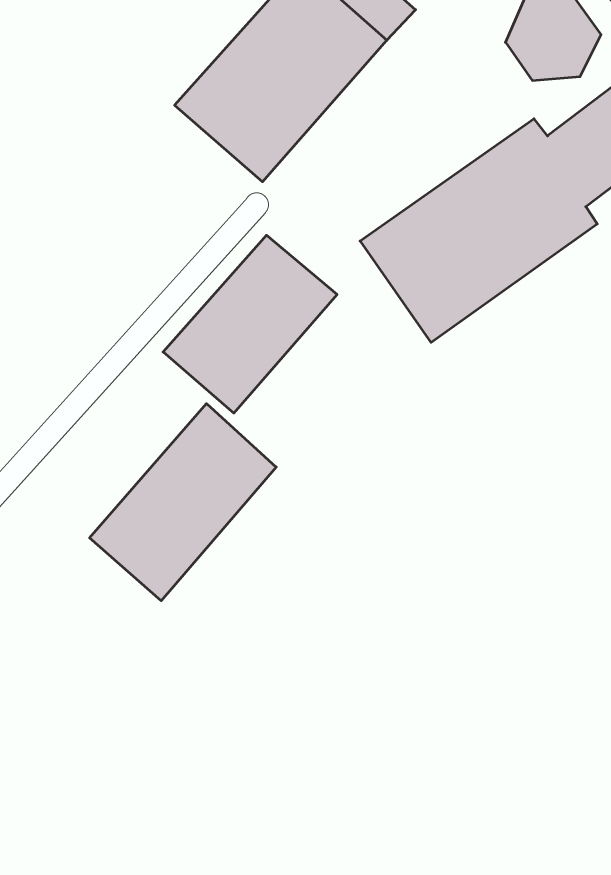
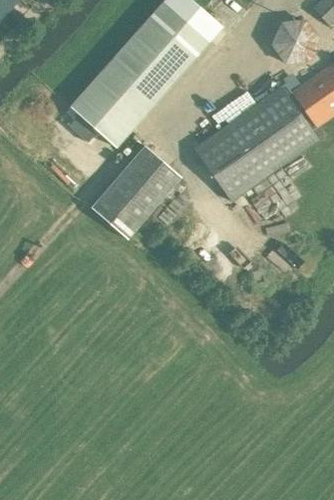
building: none -> [70,76,142,147]
building: [90,404,276,601] -> none

